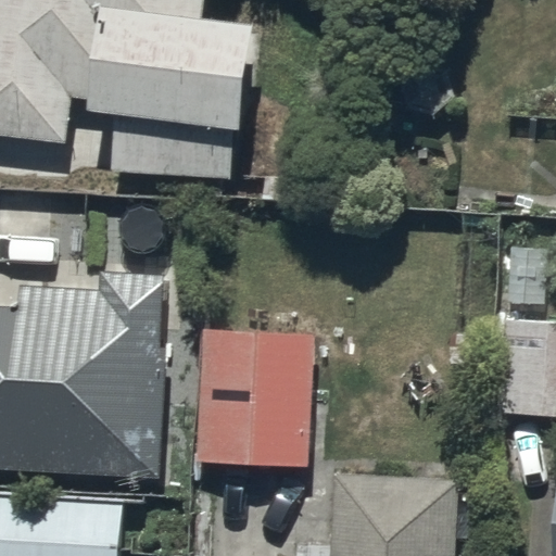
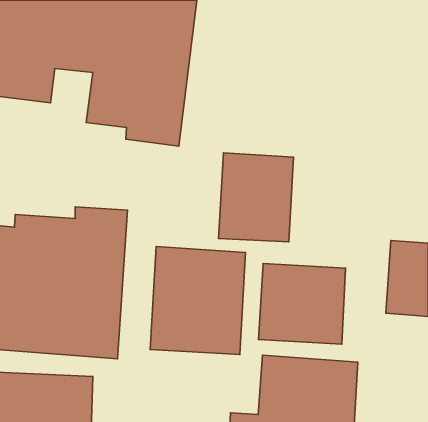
building: none -> [219,153,294,242]
building: none -> [259,263,346,344]

